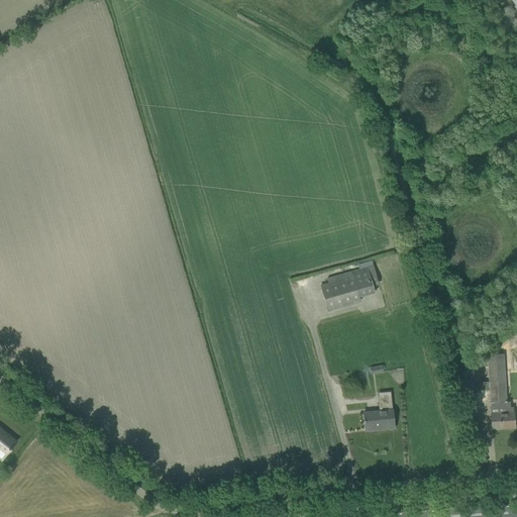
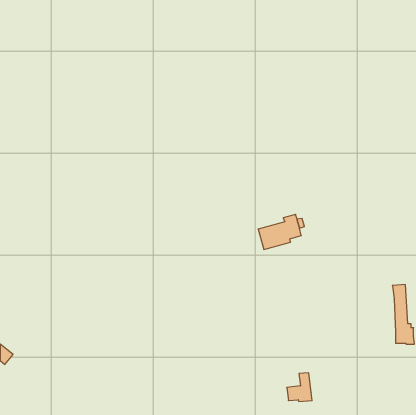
building: [363,393,394,428] -> [287,373,312,401]

